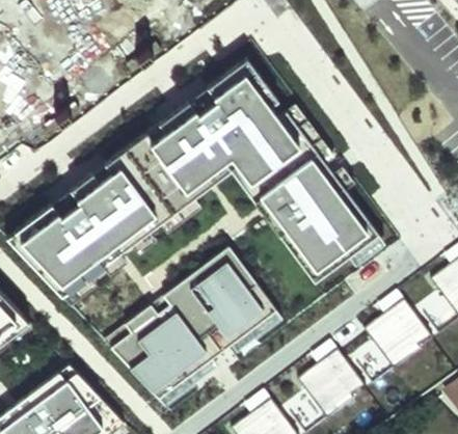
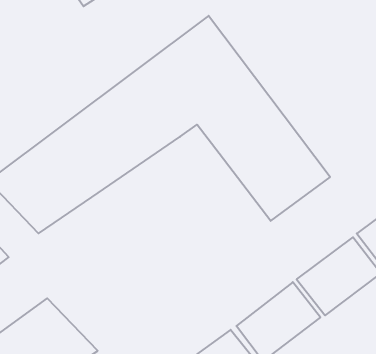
building: [103,247,276,398] -> none

